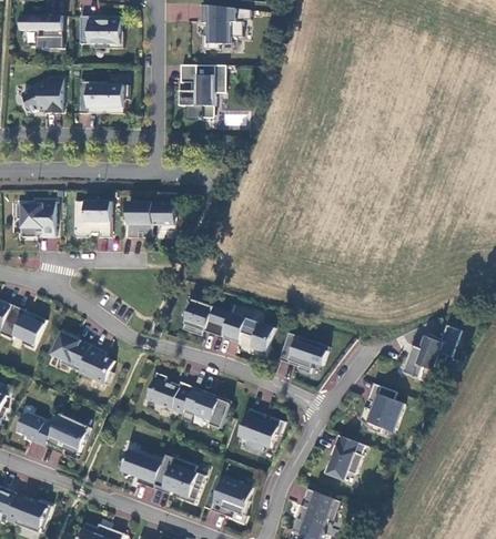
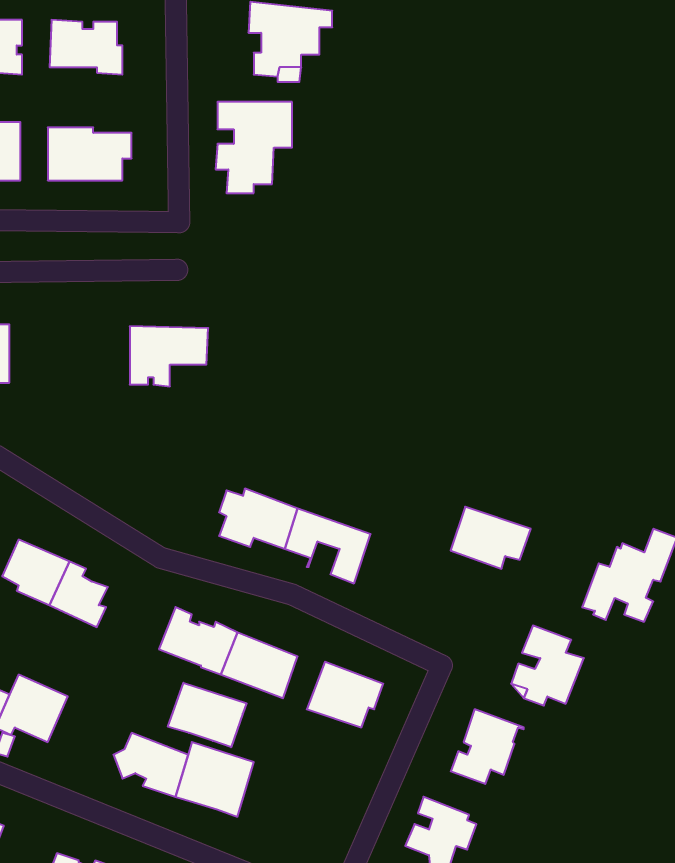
building: [73,200,111,236] -> none
building: [277,333,326,370] -> [451,507,531,569]
building: none -> [168,683,247,747]
building: [210,475,252,517] -> none

